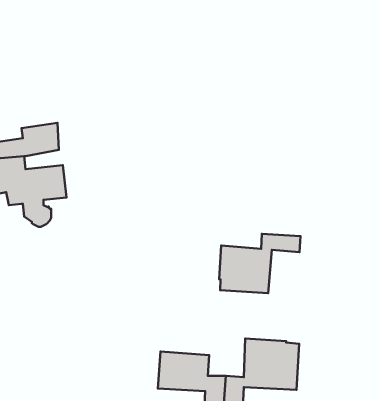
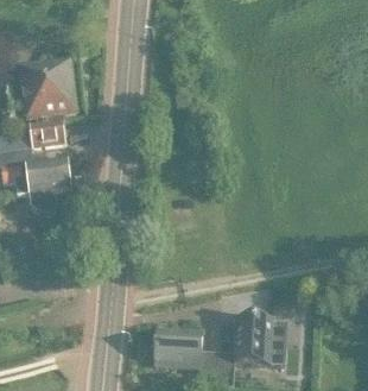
building: none -> [21,58,76,118]
building: [219,234,301,293] -> none

